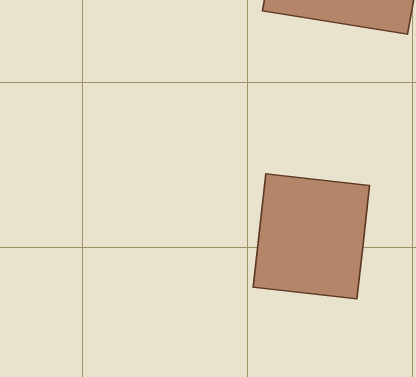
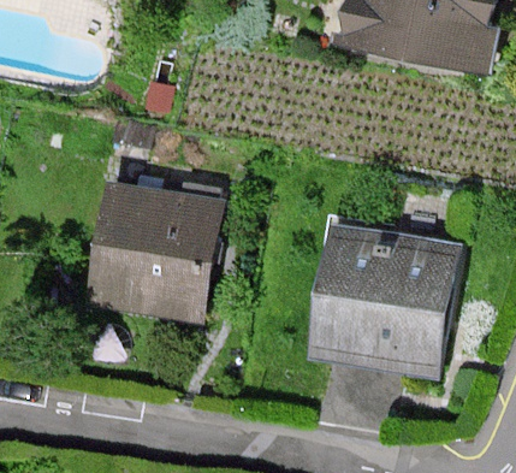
building: none -> [95,185,214,314]

